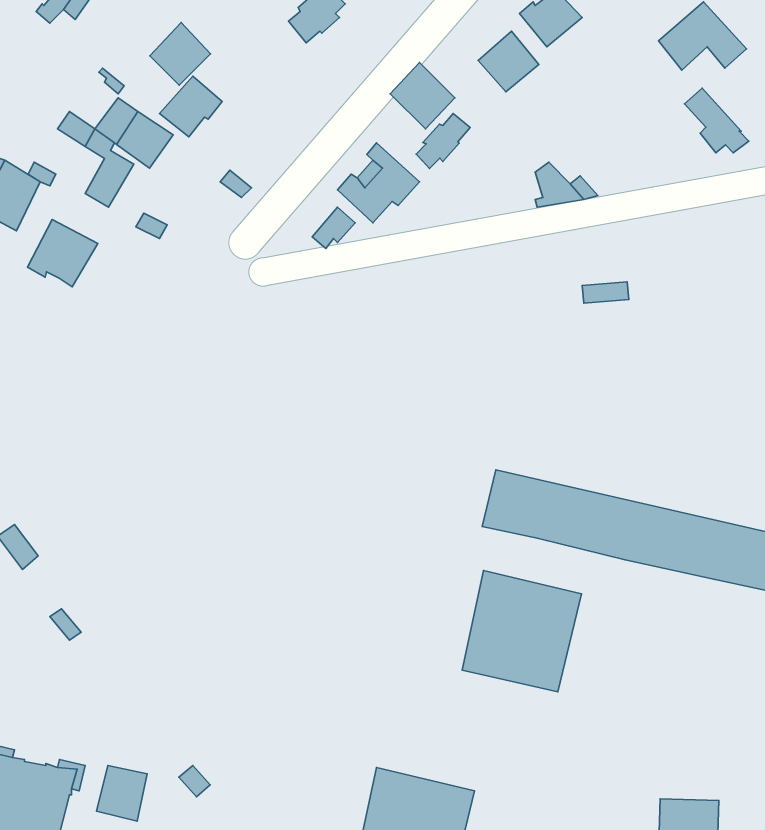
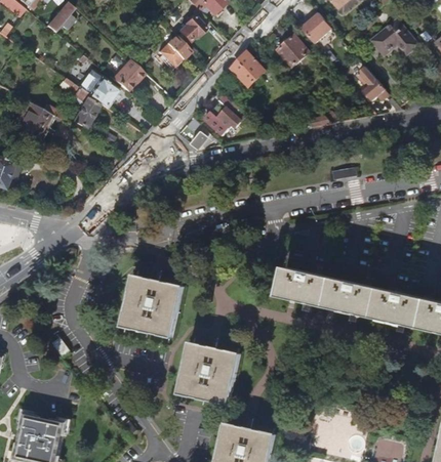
building: [150,23,210,85] -> [157,36,189,69]
building: [684,88,749,153] -> [354,68,388,101]
building: [416,114,470,168] -> none
building: [27,220,98,287] -> none
building: none -> [120,274,184,337]
building: [462,570,581,692] -> [177,341,240,405]
building: [96,765,147,821] -> none

